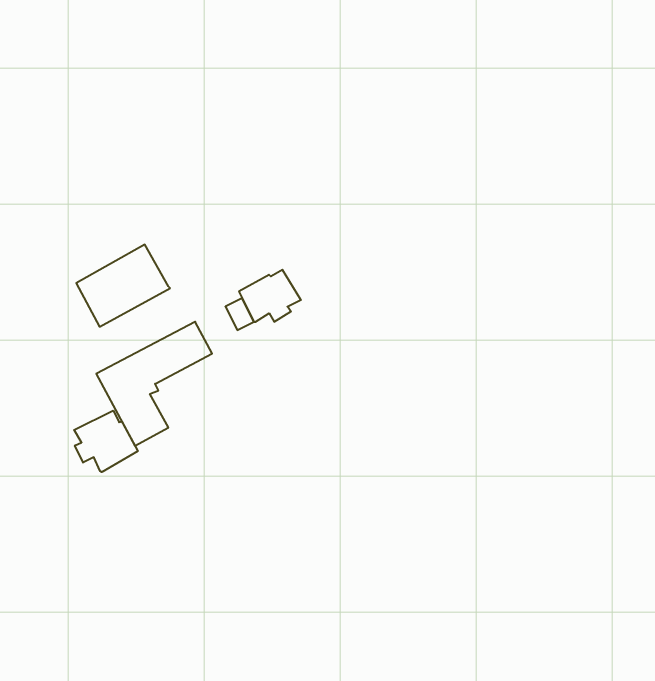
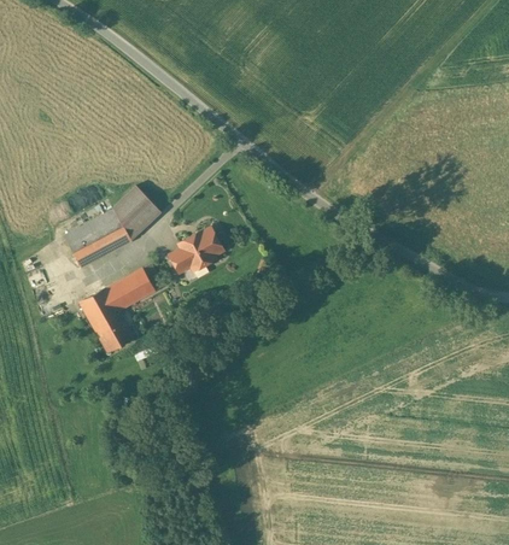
building: none -> [112,184,160,240]
building: [74,411,138,472] -> none

